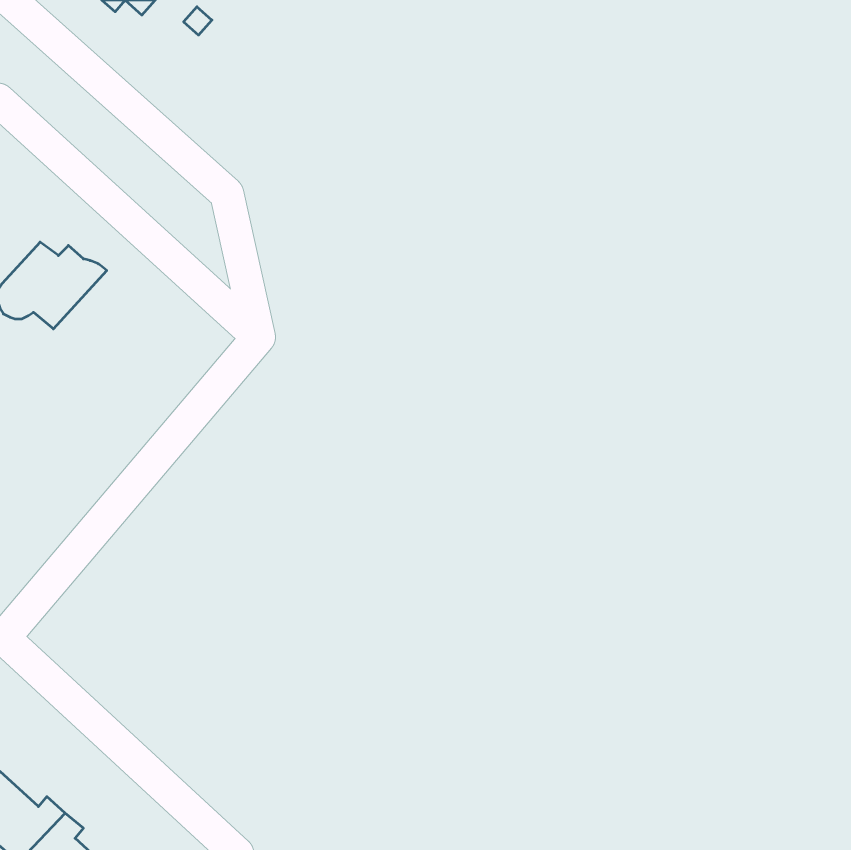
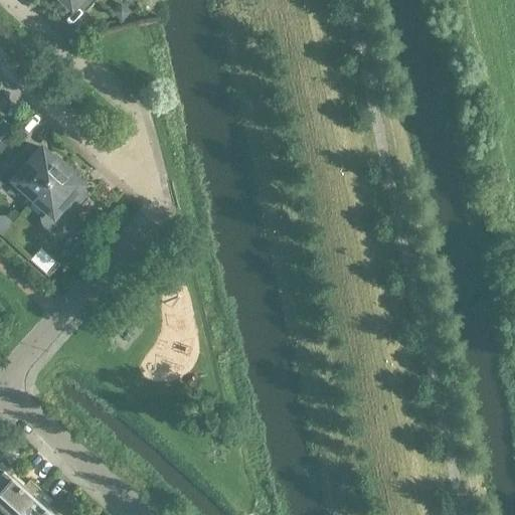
building: none -> [32,165,85,231]

